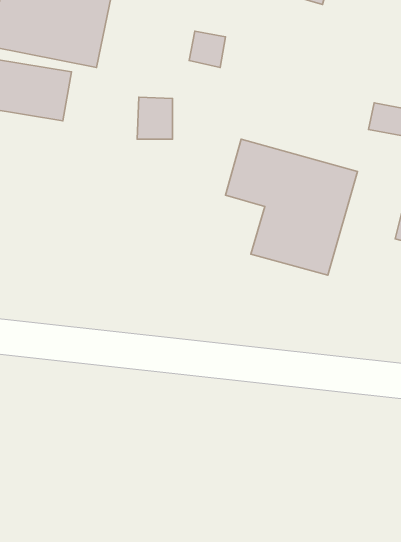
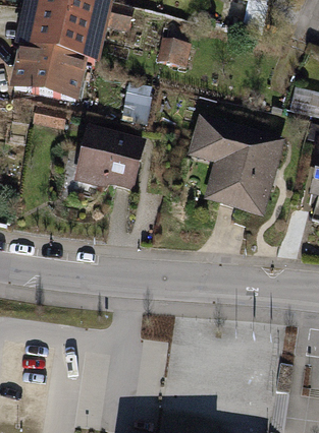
building: none -> [78,128,141,187]

